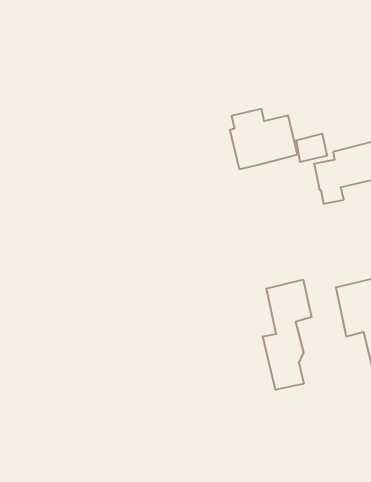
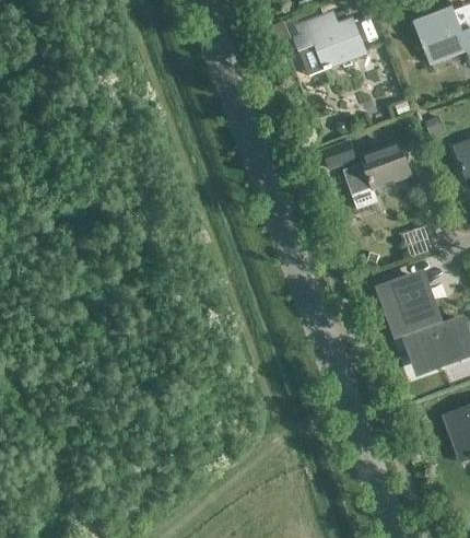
building: [230,109,298,169] -> [295,13,365,75]
building: [263,280,312,390] -> none

